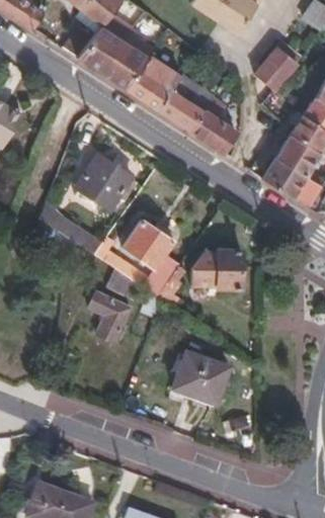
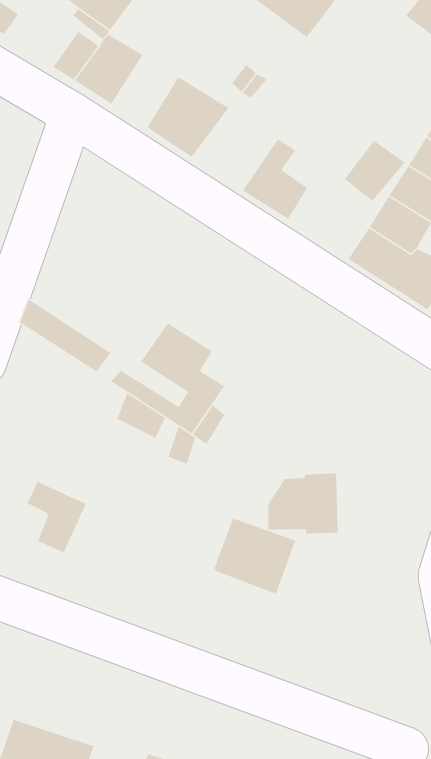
building: [104,41,149,90] -> none
building: [254,49,296,90] -> [344,140,406,202]
building: [158,75,217,133] -> none
building: [77,155,131,214] -> none
building: [193,250,241,291] -> [267,473,338,535]
building: [89,292,130,341] -> [26,481,87,554]

